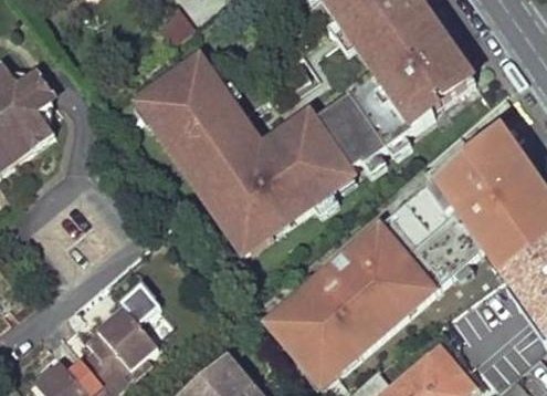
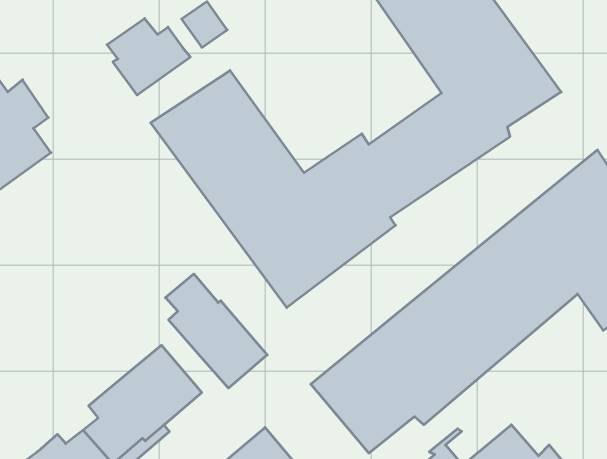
building: none -> [107,18,190,95]
building: none -> [165,274,267,388]

